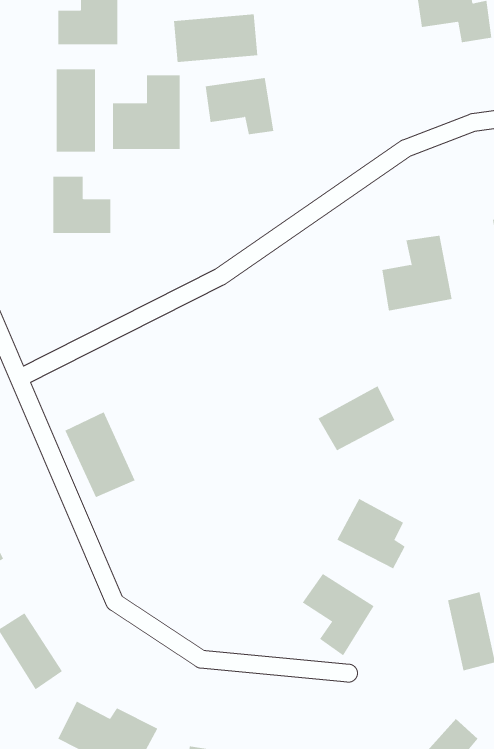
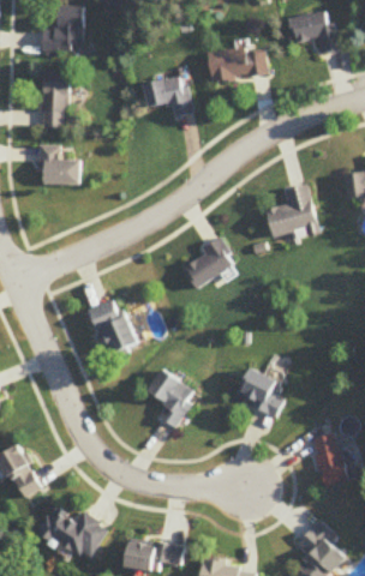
building: [173,14,258,62] -> [208,46,267,79]
building: [112,75,180,150] -> none
building: [317,385,395,451] -> [179,240,233,286]
building: [64,411,135,498] -> [88,296,137,356]
building: [302,573,375,656] -> [146,370,197,427]

